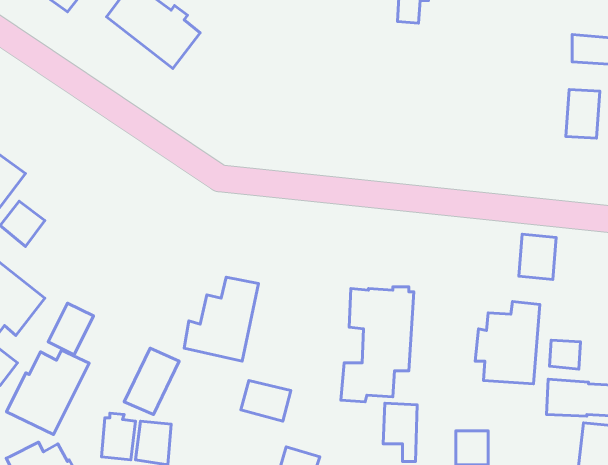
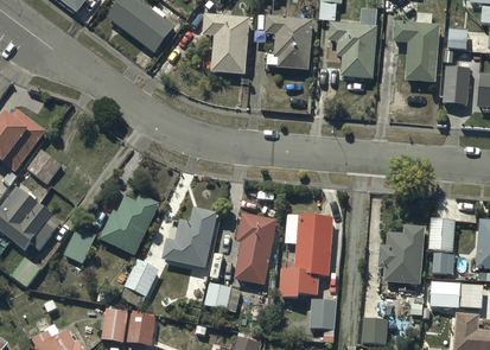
building: none -> [329,9,376,77]
building: none -> [204,14,250,76]
building: none -> [265,15,312,69]
building: none -> [392,21,438,82]
building: [519,234,556,279] -> [427,218,454,252]
building: none -> [234,212,275,285]
building: [7,350,89,434] -> [100,193,160,255]

